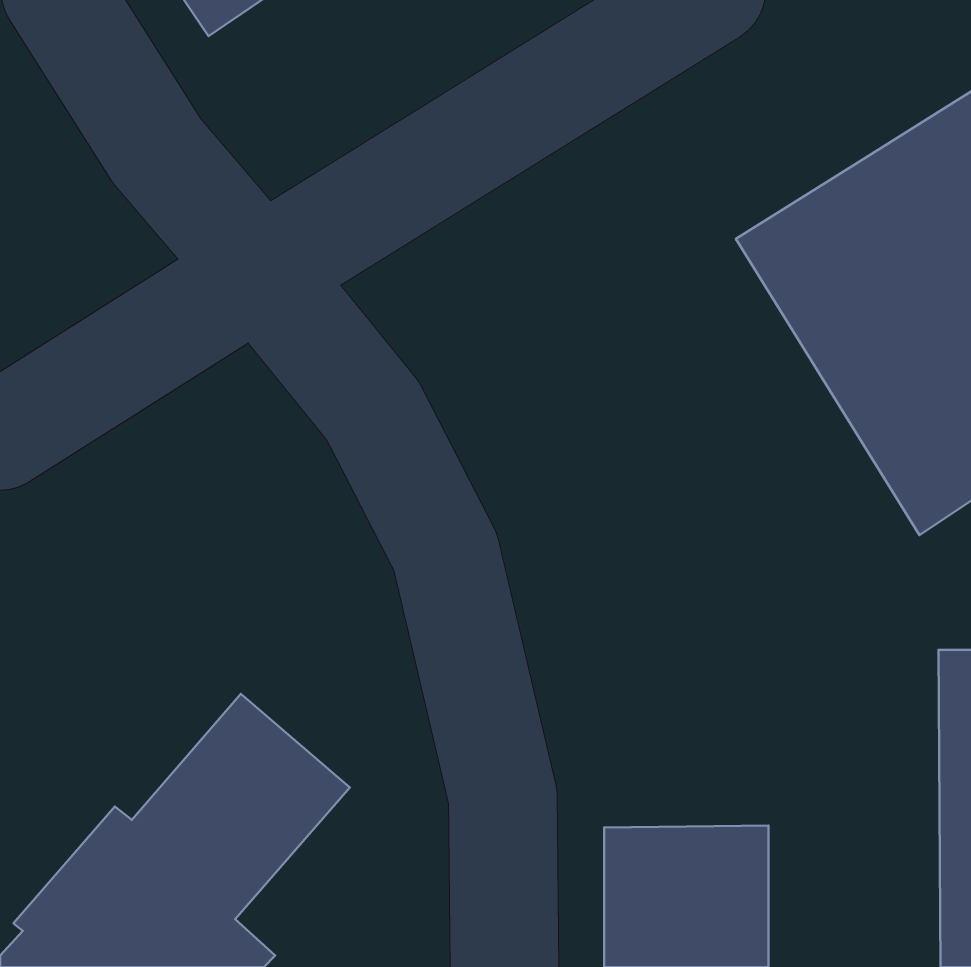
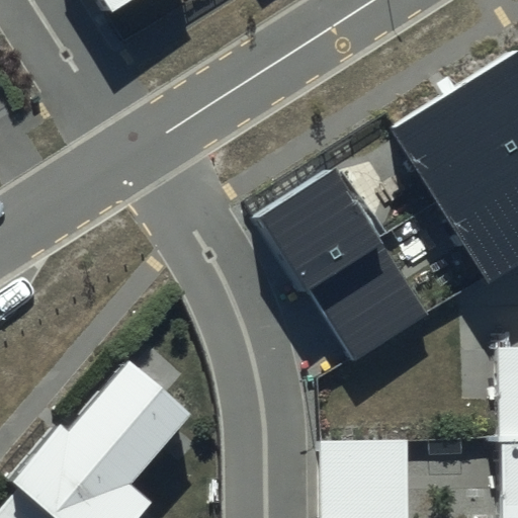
building: none -> [260,172,427,359]

